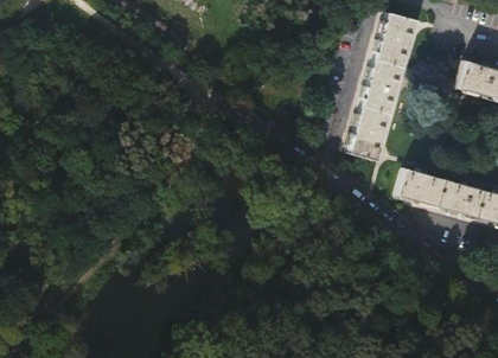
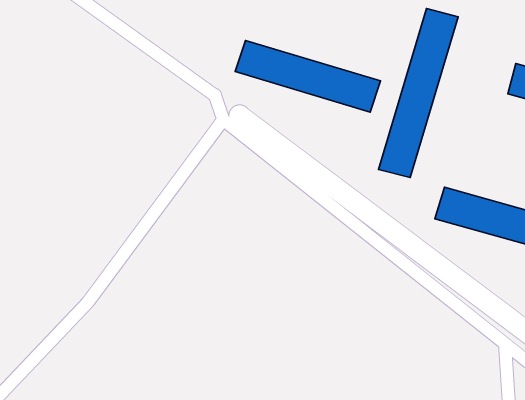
building: none -> [235,41,380,112]

